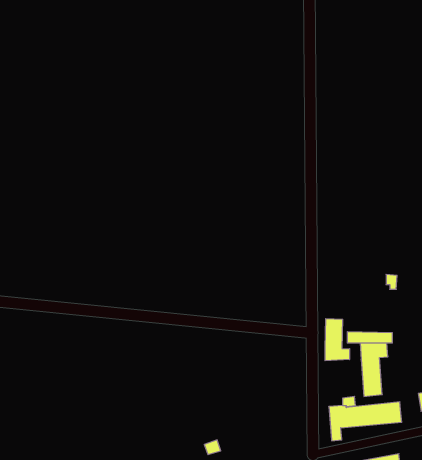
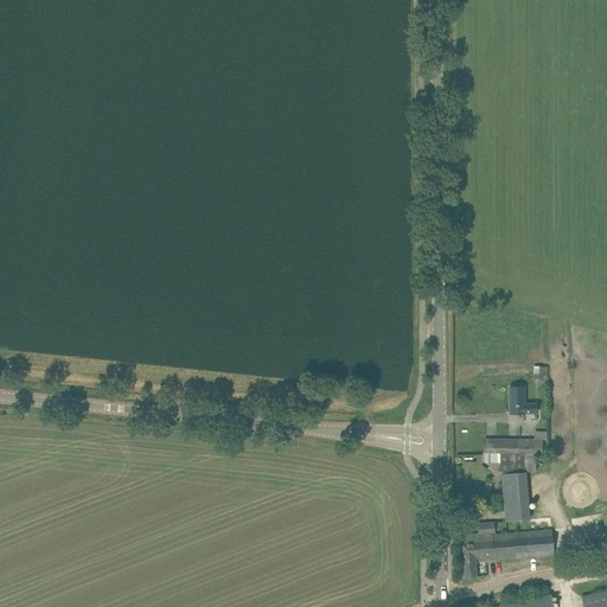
building: none -> [511,386,537,414]
building: [325,319,350,361] -> none

